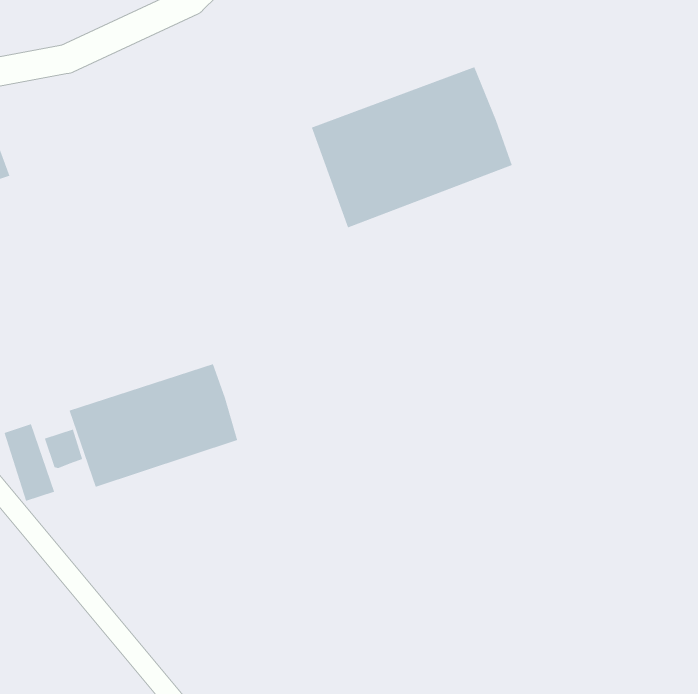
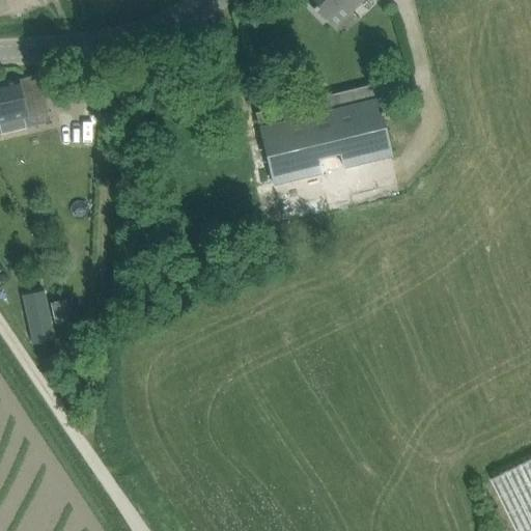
building: [69,363,238,488] -> none

